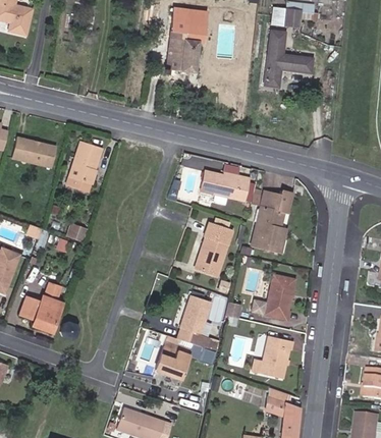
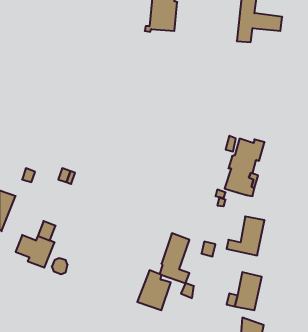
building: [12,136,55,166] -> none
building: [67,143,102,191] -> none
building: [200,170,247,203] -> none
building: [194,223,230,276] -> none

